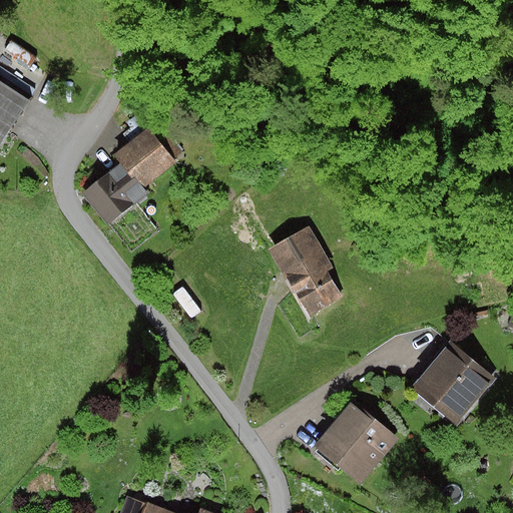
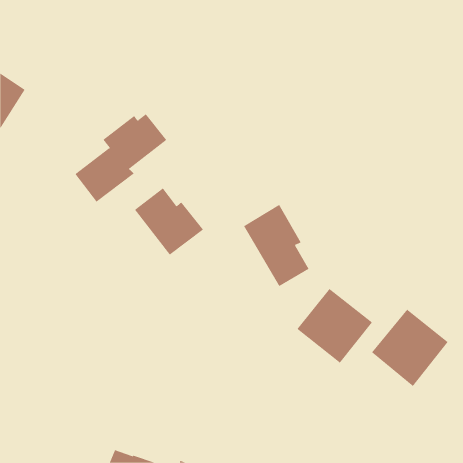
building: none -> [134,188,204,256]
building: [314,401,398,484] -> [296,288,373,363]

